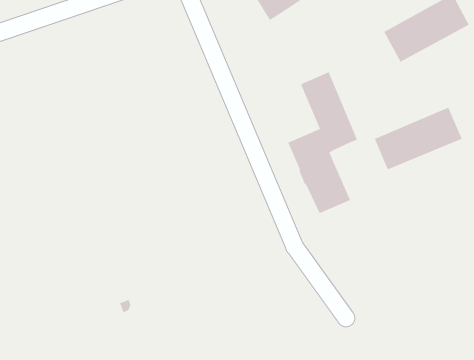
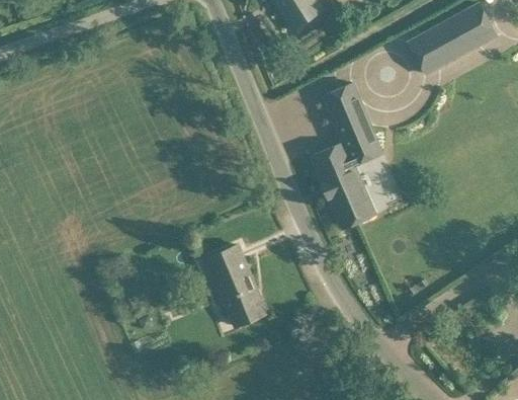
building: [374,107,463,170] -> none
building: none -> [199,244,267,325]

